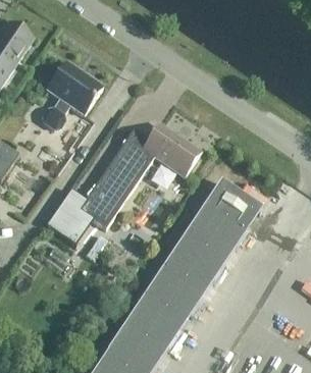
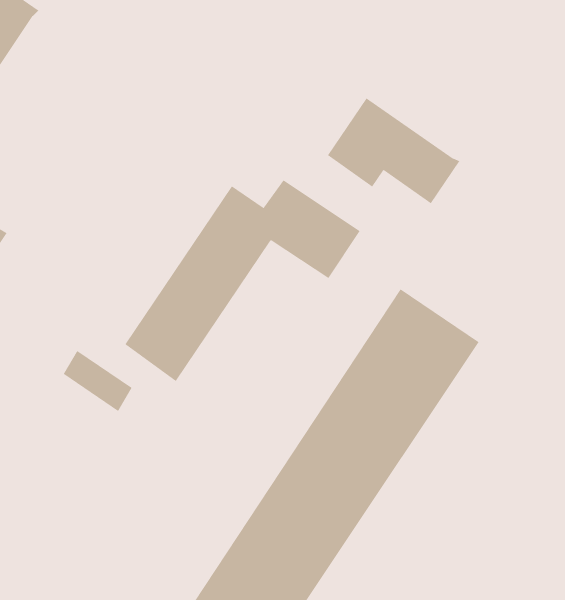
building: [40,58,103,128] -> none
building: none -> [327,98,460,204]

